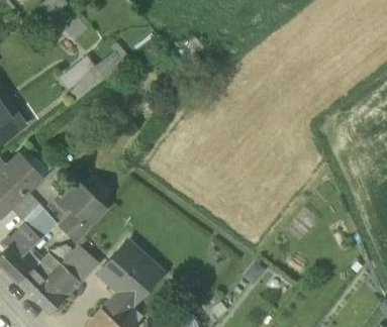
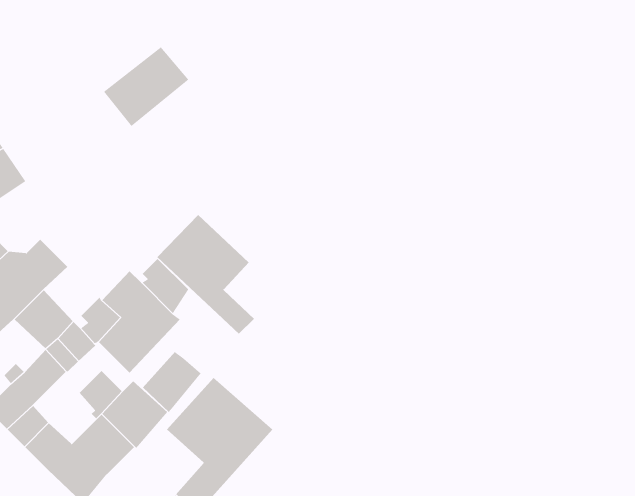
building: none -> [157,214,255,334]
building: none -> [142,351,201,413]

